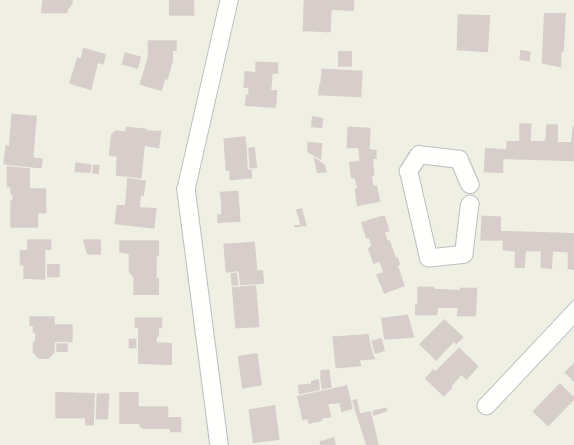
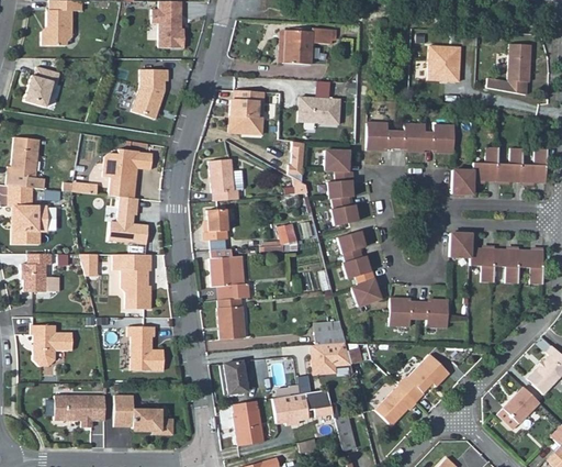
building: [68,47,107,91] -> [23,66,59,107]
building: none -> [366,120,453,153]
building: [380,314,416,340] -> [313,320,346,344]
building: [418,318,464,362] -> [373,385,416,425]

